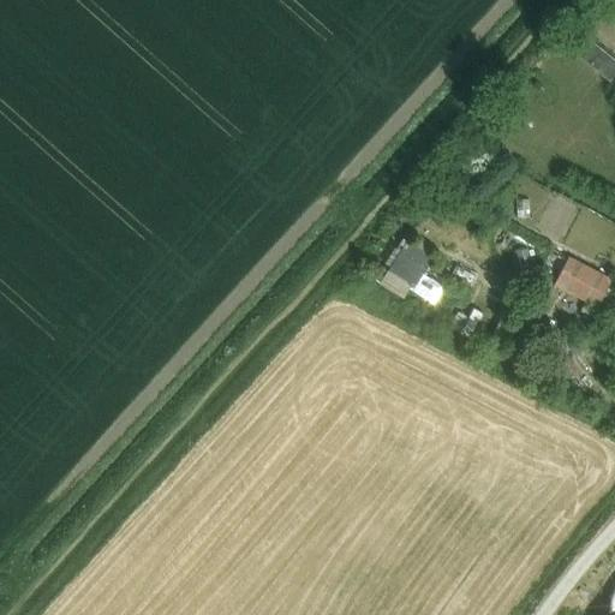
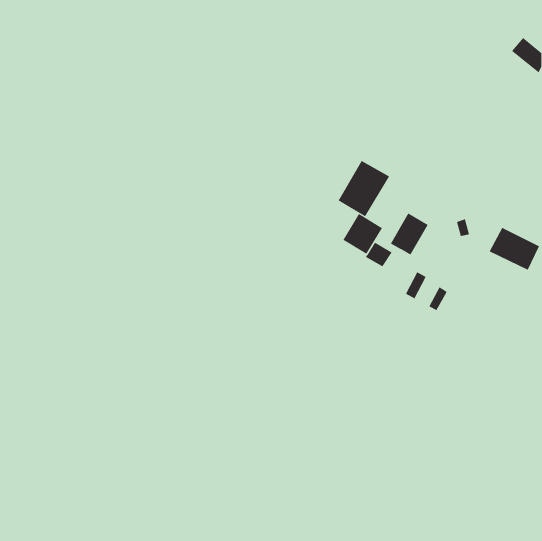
building: none -> [338,160,390,217]
building: none -> [390,213,429,256]

